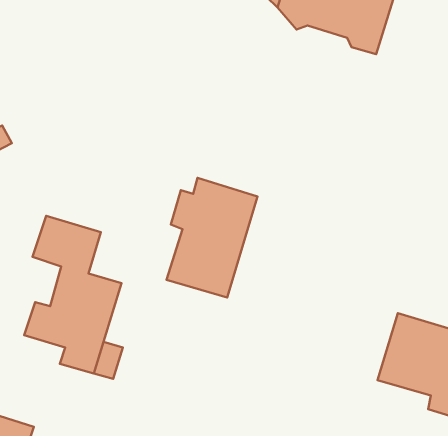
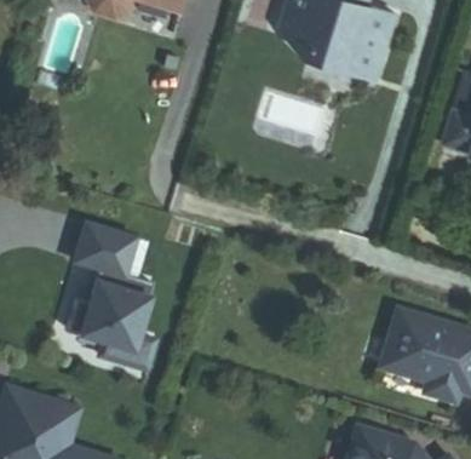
building: [167,178,257,298] -> none

